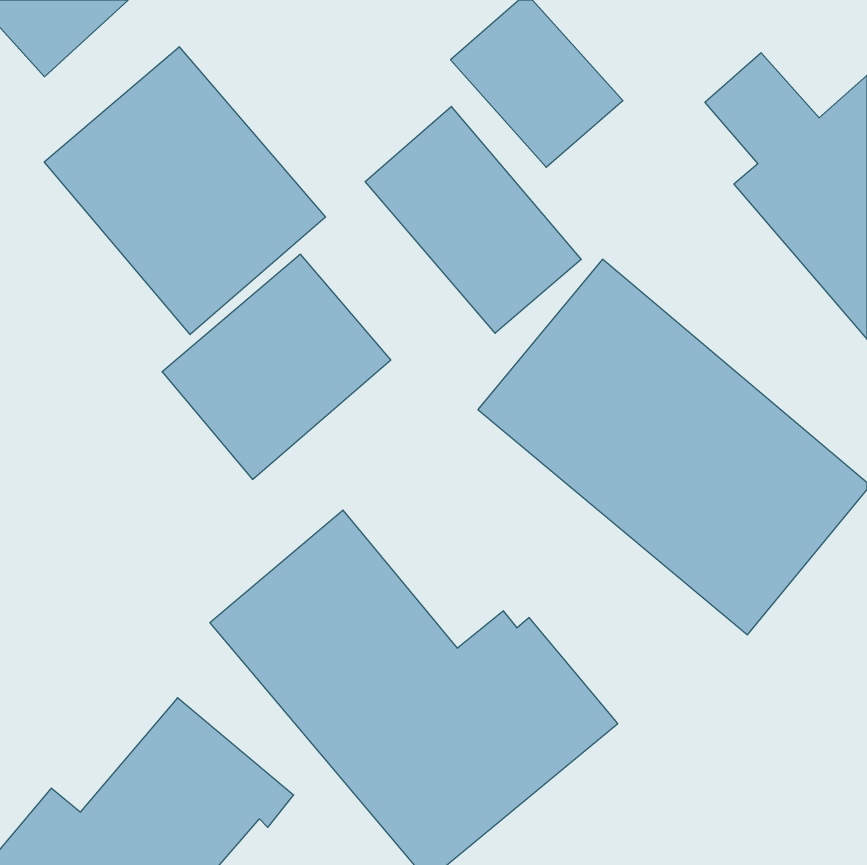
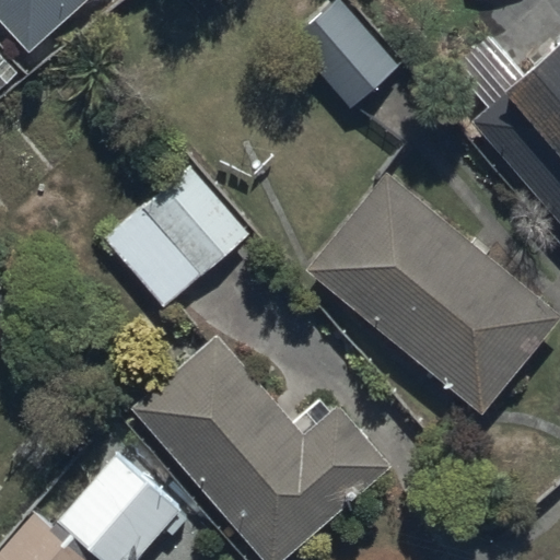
building: [44,47,325,335] -> none
building: [365,106,581,333] -> none

